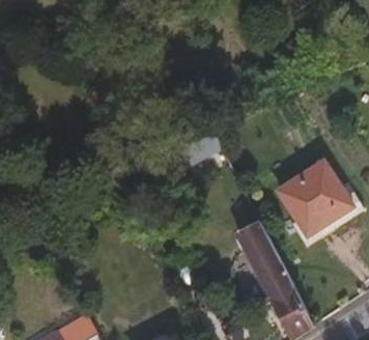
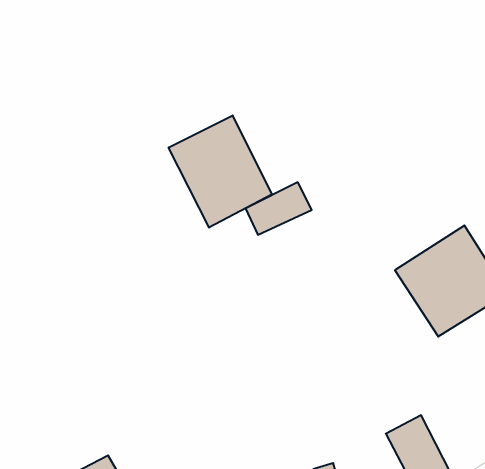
building: none -> [169,115,272,228]
building: [237,225,295,301] -> none

